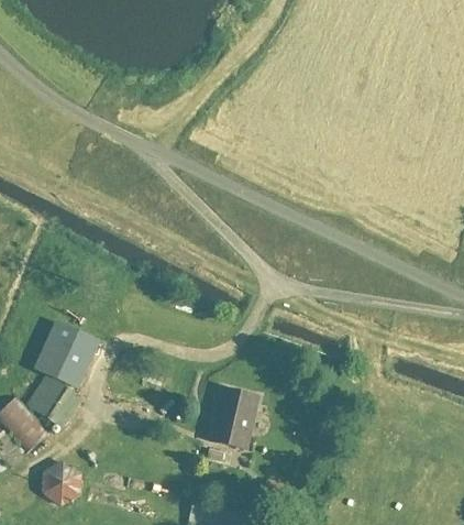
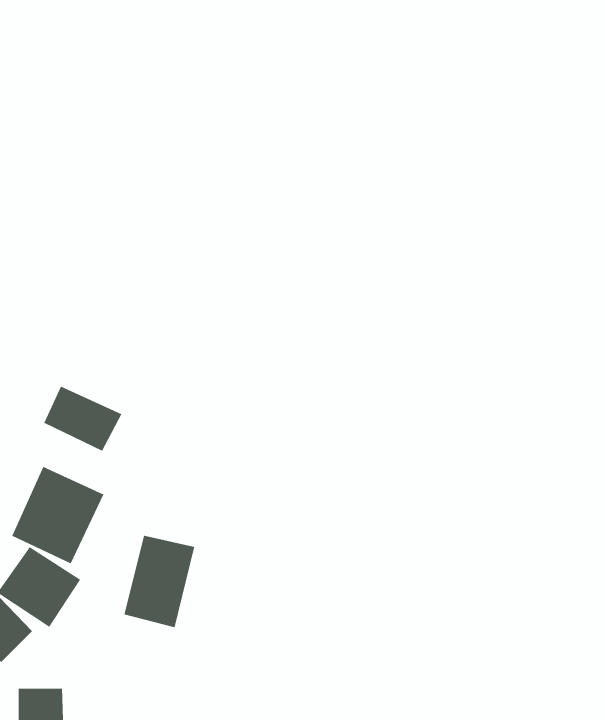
building: none -> [43,385,122,452]
building: [211,387,258,449] -> [123,535,195,628]

